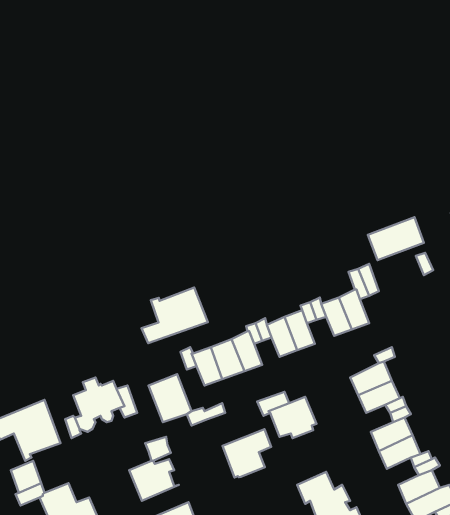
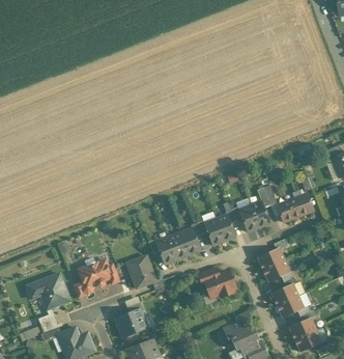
building: [368,217,424,260] -> [277,194,313,222]
building: [141,288,208,343] -> none
building: [223,429,271,477] -> none

